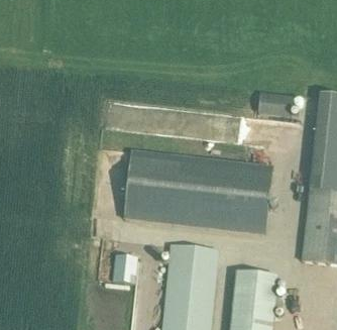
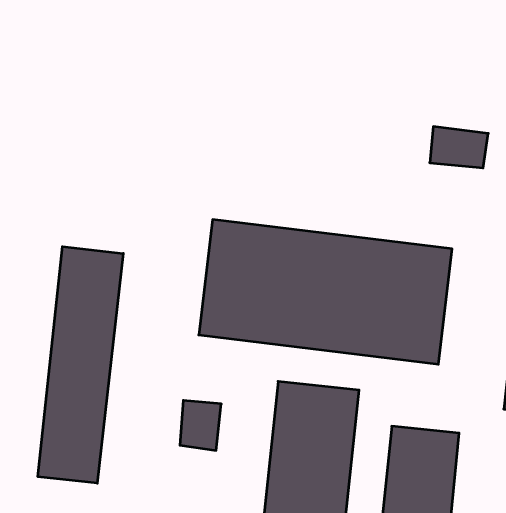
building: none -> [38,247,123,483]

